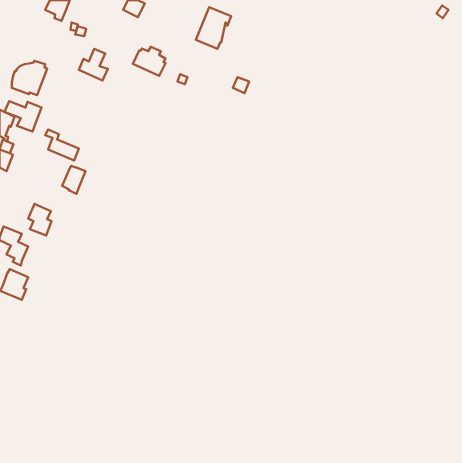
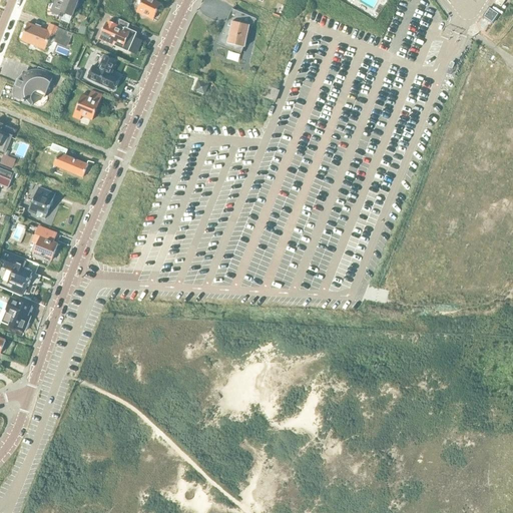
building: none -> [20,23,71,49]
building: [133,47,165,76] -> [98,19,134,51]
building: none -> [72,91,101,120]
building: [4,101,41,131] -> none
building: [62,166,86,194] -> [28,188,54,219]

